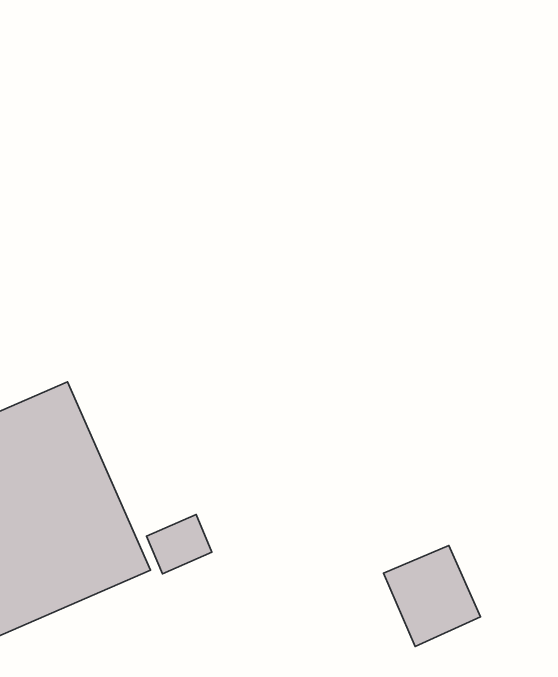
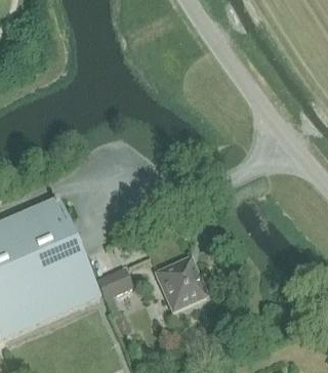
building: [383,545,480,647] -> [157,257,207,309]

